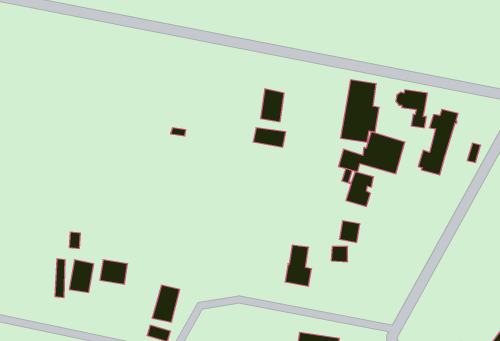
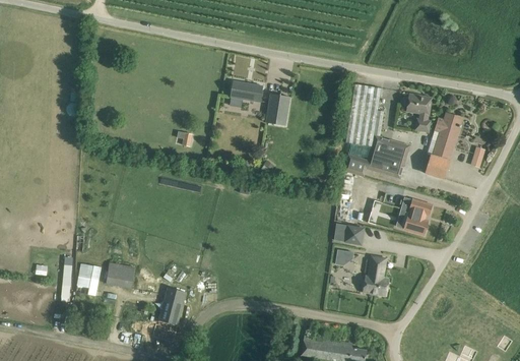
building: [253,128,286,147] -> [231,81,263,101]
building: [342,169,374,206] -> [400,196,432,234]
building: [285,245,312,286] -> [363,255,389,296]

